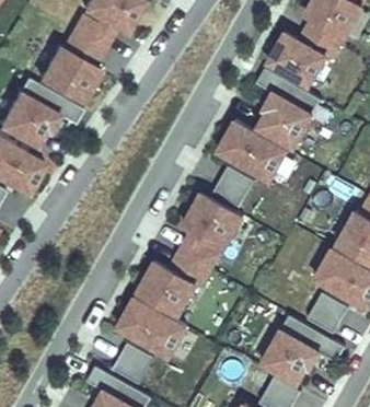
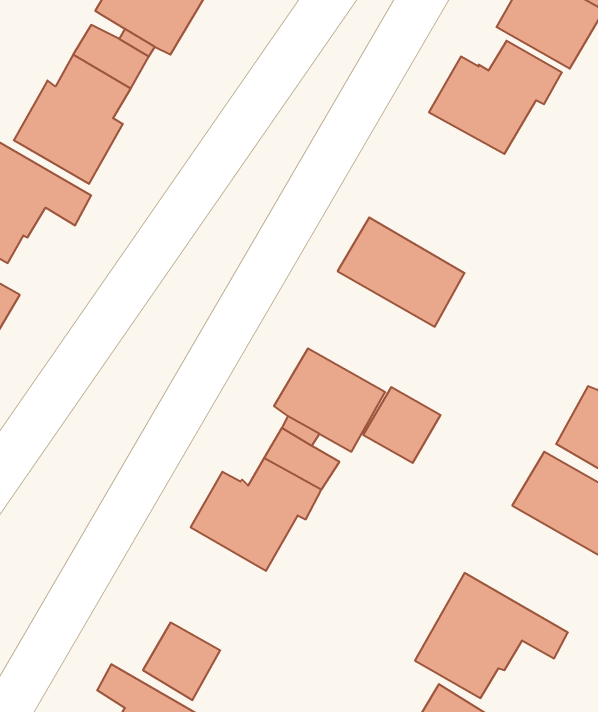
building: [258,67,324,147] -> none
building: [212,166,255,208] -> [363,387,441,463]
building: [308,293,350,336] -> none
building: [117,298,187,359] -> none

